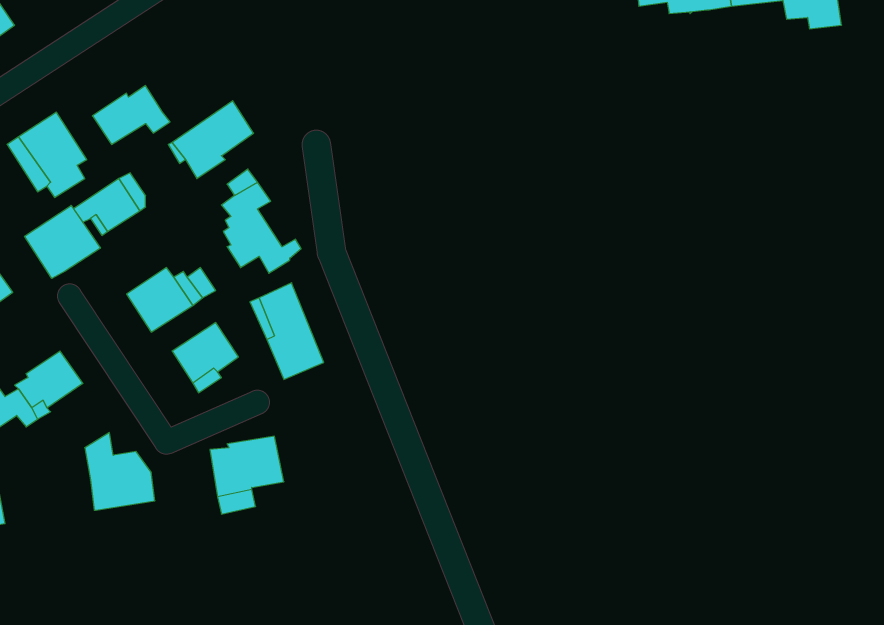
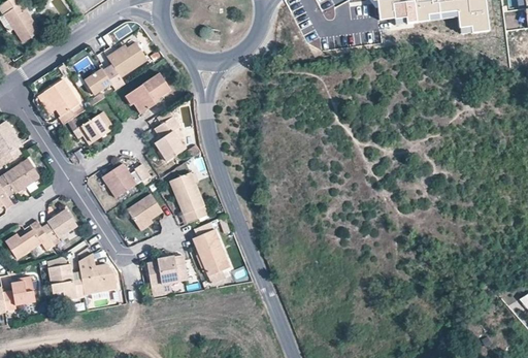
building: none -> [107,41,147,77]
building: [25,205,100,278] -> none
building: none -> [193,228,230,283]
building: none -> [48,263,86,299]

